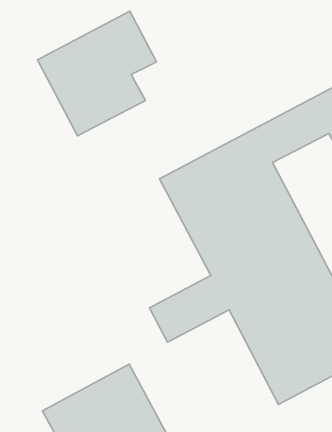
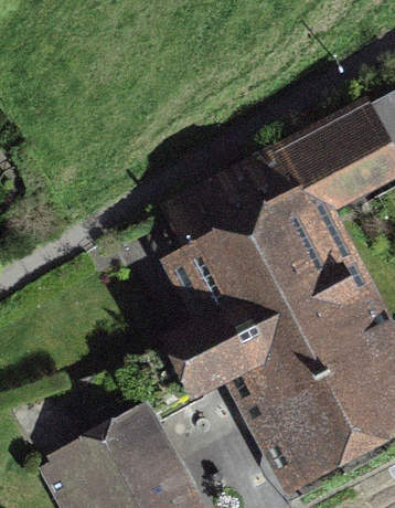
building: [38,11,157,136] -> none

